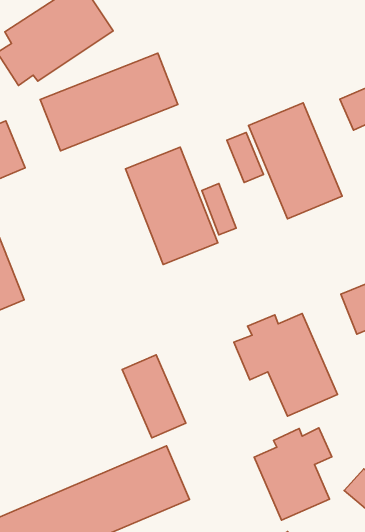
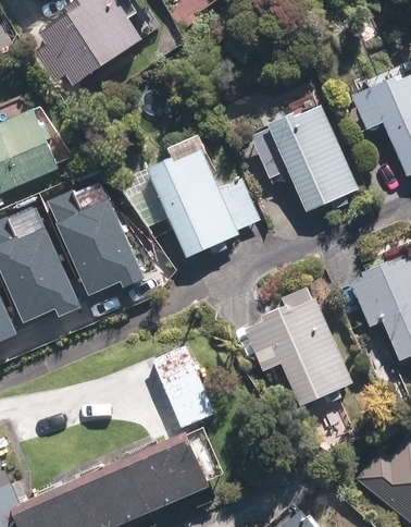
building: [40,53,178,151] -> none
building: none -> [45,197,115,284]
building: [254,428,332,520] -> none

